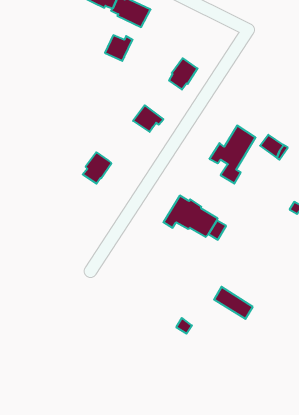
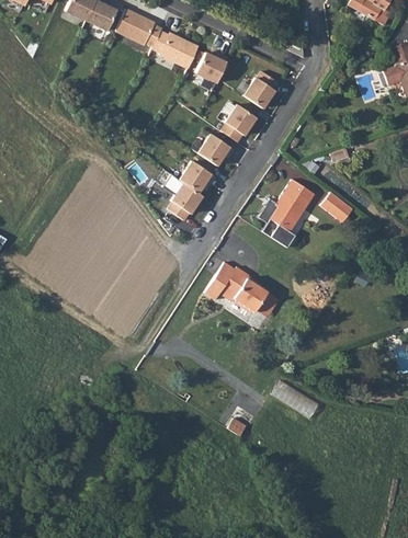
building: none -> [241,71,276,108]
building: [105,35,133,61] -> [193,53,226,83]
building: none -> [196,135,231,165]
building: [83,152,111,184] -> [166,183,200,220]

